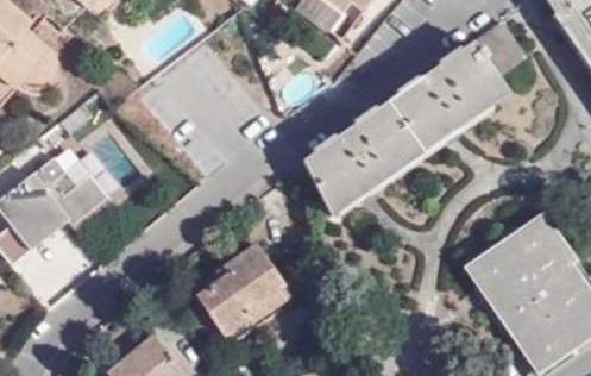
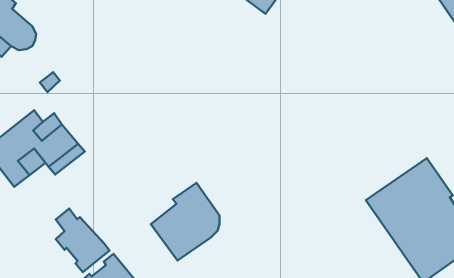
building: [303,23,523,213] -> none
building: none -> [56,209,110,272]

